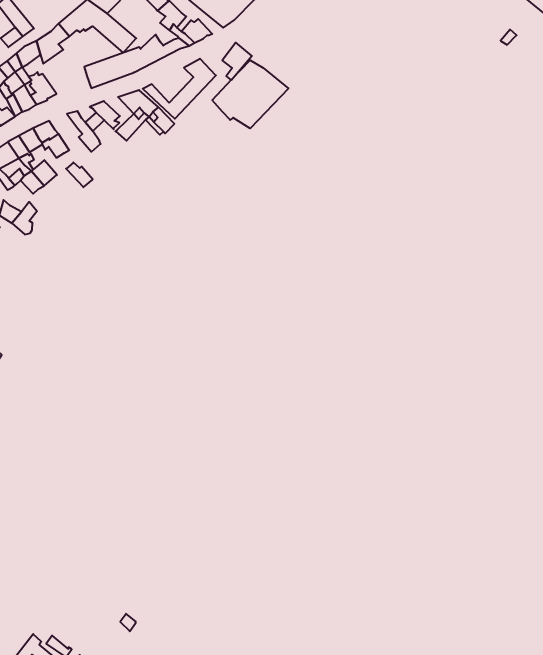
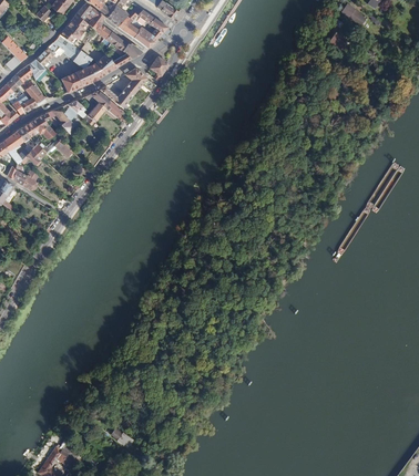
building: [212,60,288,128] -> none

